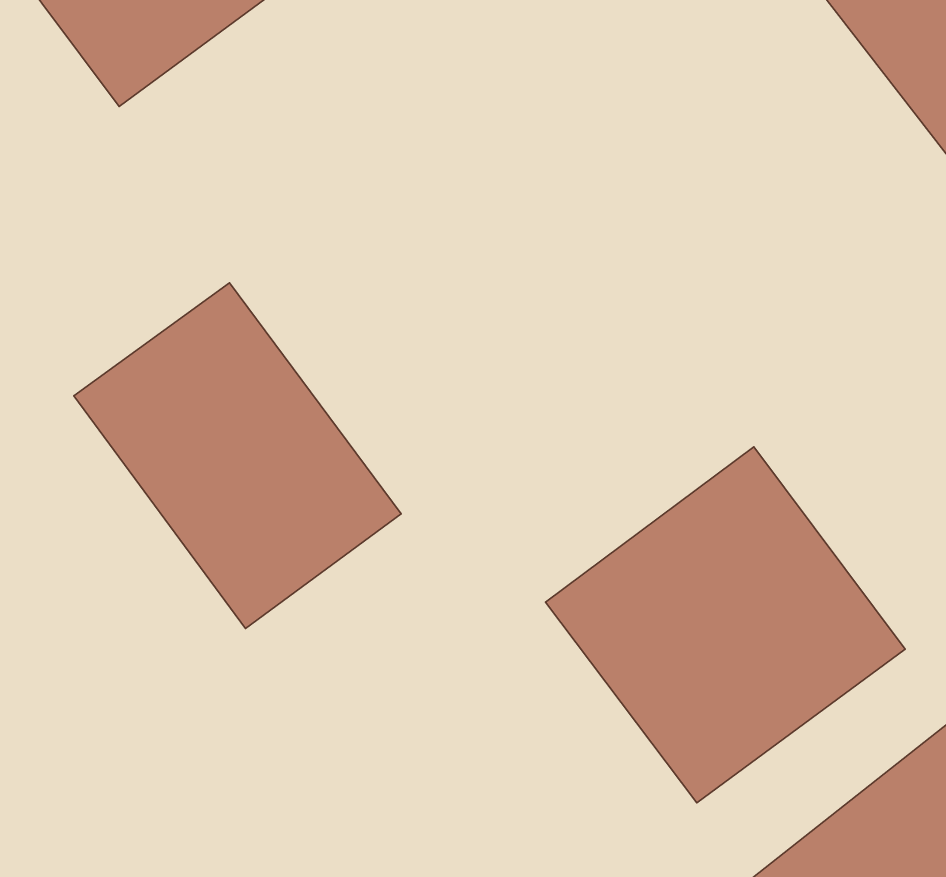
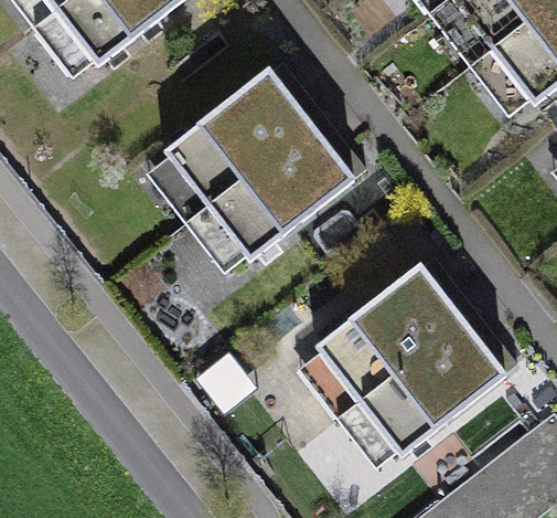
building: none -> [156,68,355,265]
building: [74,283,401,628] -> none

